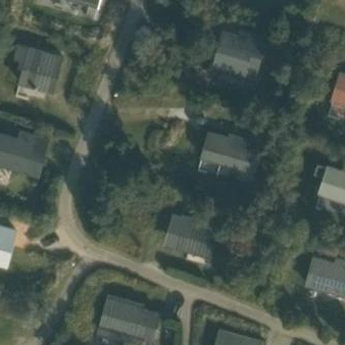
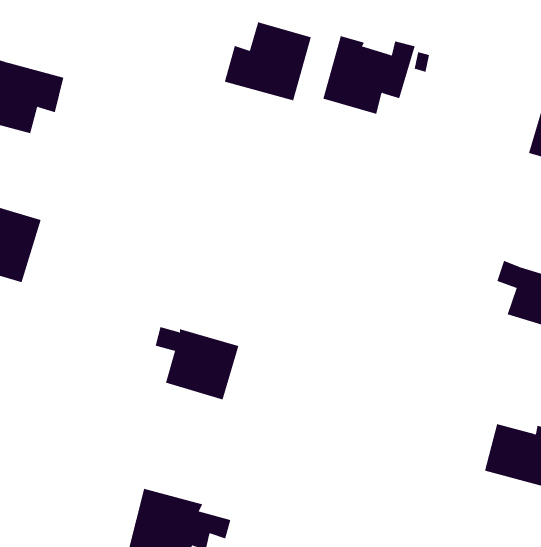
building: none -> [224,21,311,101]
building: [200,134,255,172] -> none
building: [168,216,217,259] -> [155,327,239,400]

